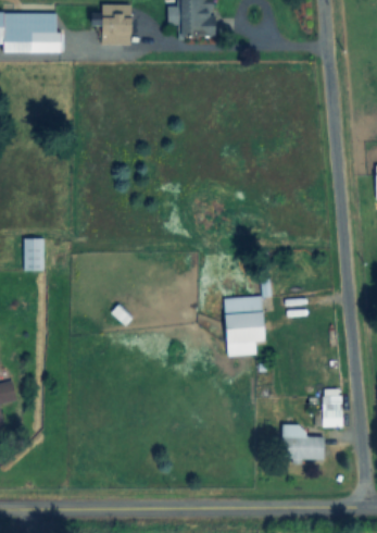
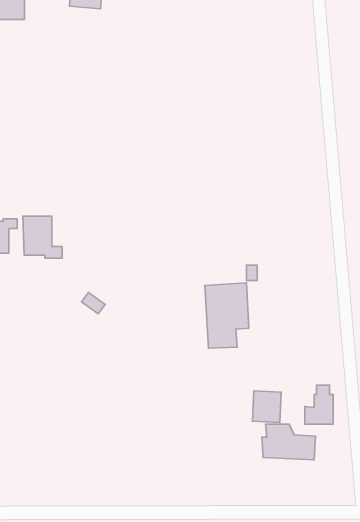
building: none -> [23,216,62,258]
building: none -> [253,391,281,423]

